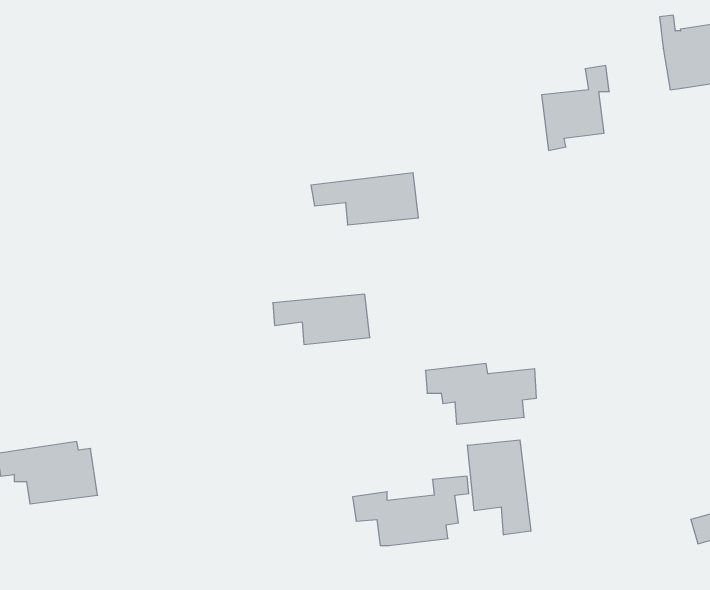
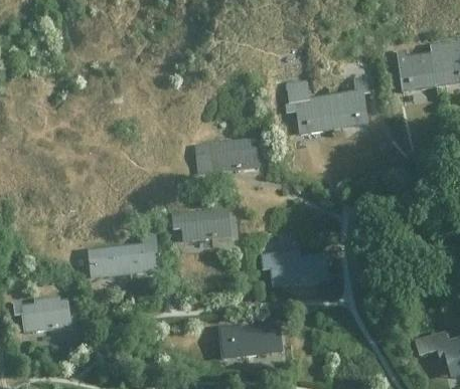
building: none -> [284,81,333,131]
building: none -> [89,228,159,276]
building: [467,440,531,535] -> none

